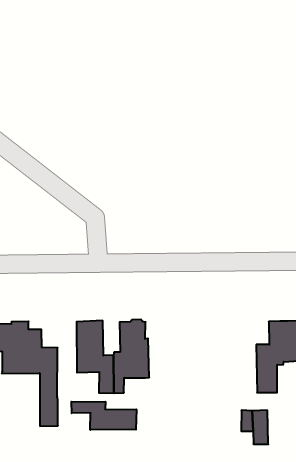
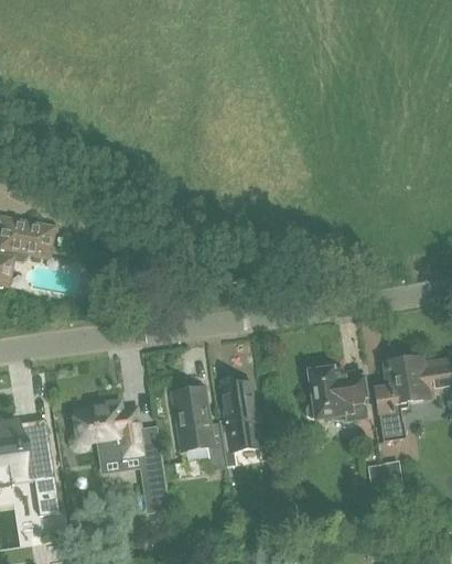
building: none -> [302,367,366,422]
building: [71,402,136,430] -> none

